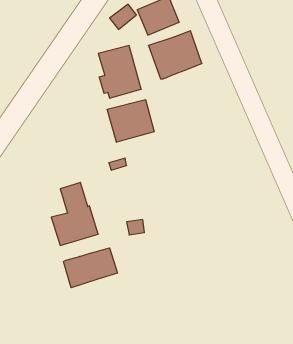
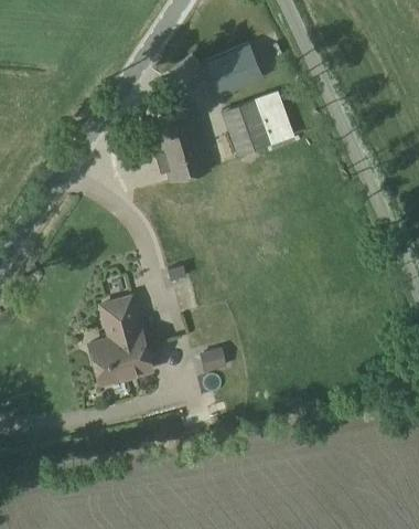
building: [107,100,154,142] -> none
building: [64,248,117,288] -> none

